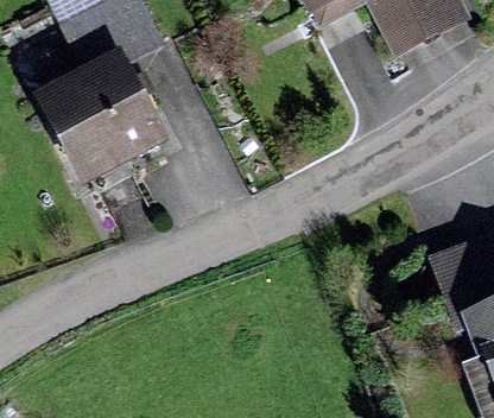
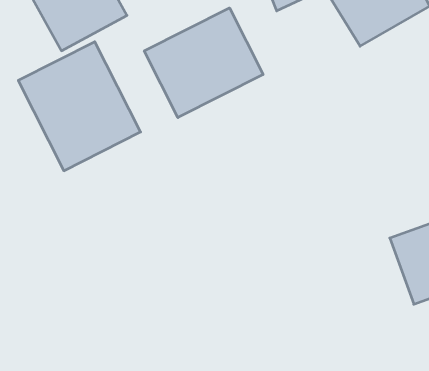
building: none -> [144,8,263,118]

